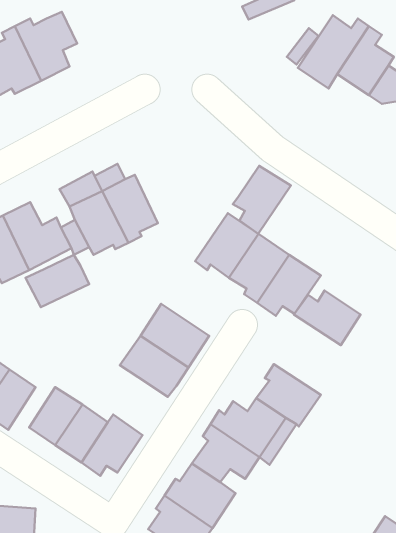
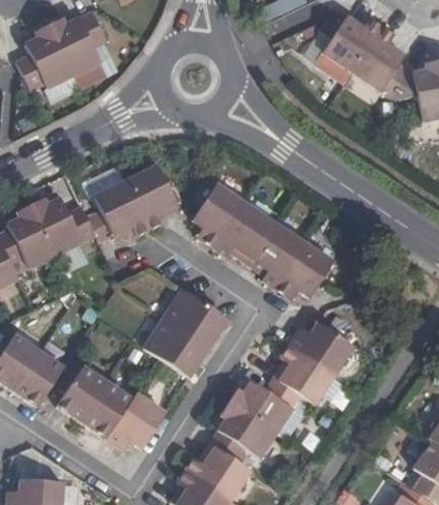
building: [233,166,291,234] -> [193,183,247,247]
building: [26,255,89,307] -> none
building: [294,291,360,345] -> [291,322,354,374]

